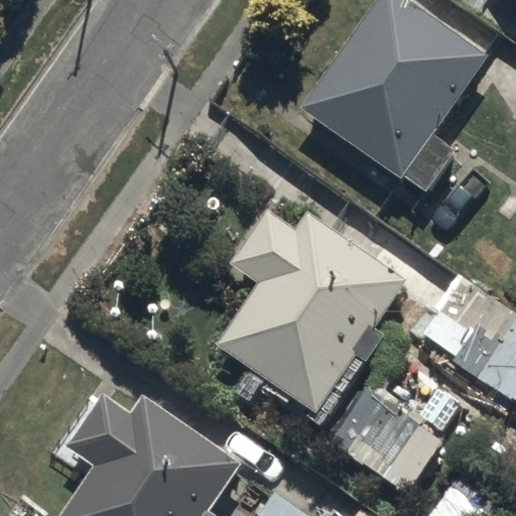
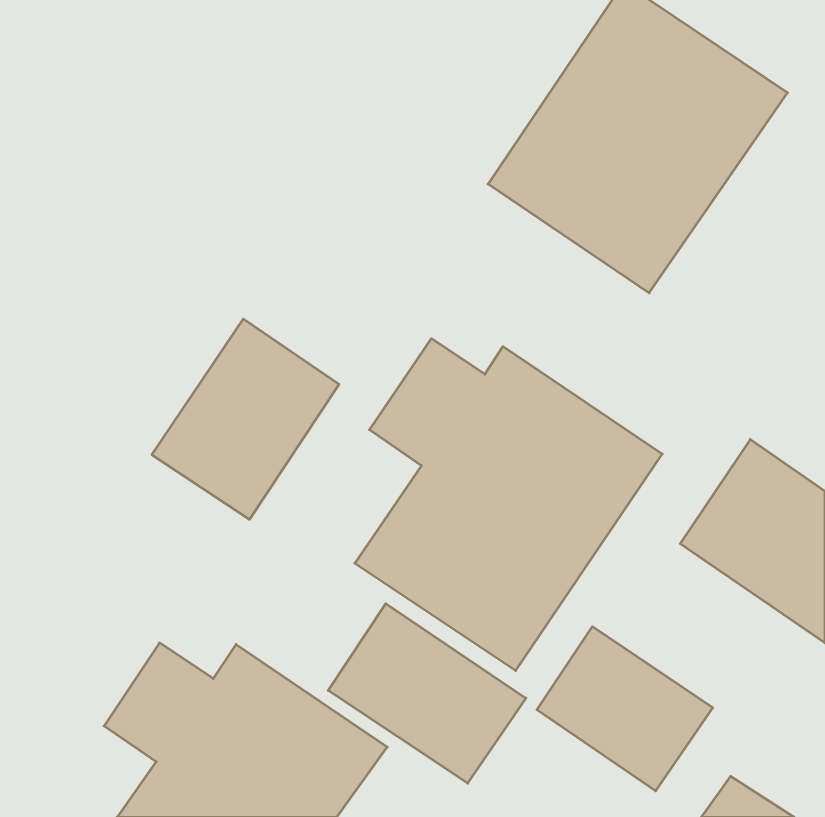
building: none -> [152,319,339,519]
building: none -> [328,604,526,783]

